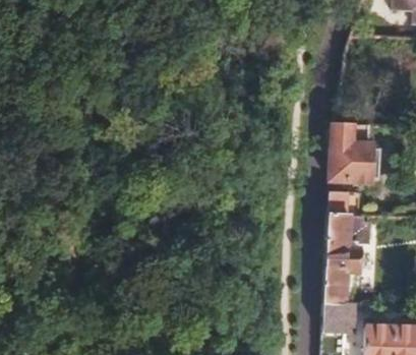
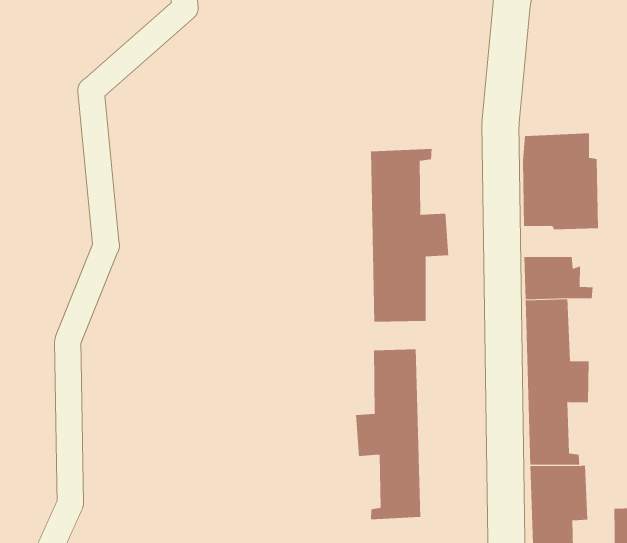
building: none -> [371,148,449,323]
building: none -> [356,349,421,520]

